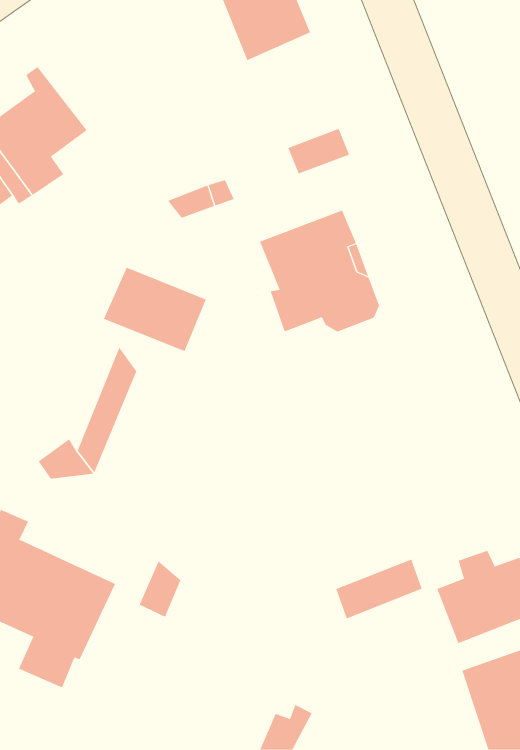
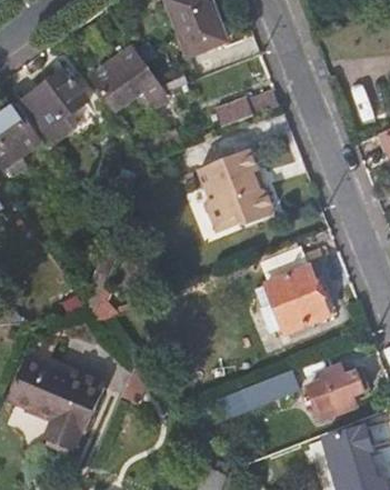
building: none -> [89,50,171,112]
building: [103,267,206,352] -> none
building: none -> [251,240,327,331]

